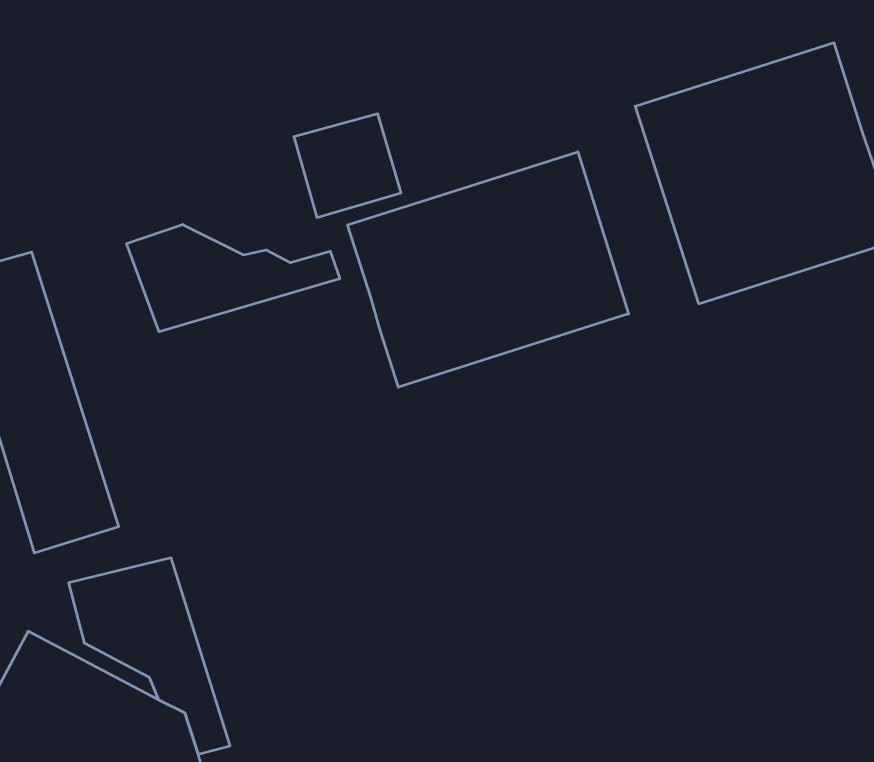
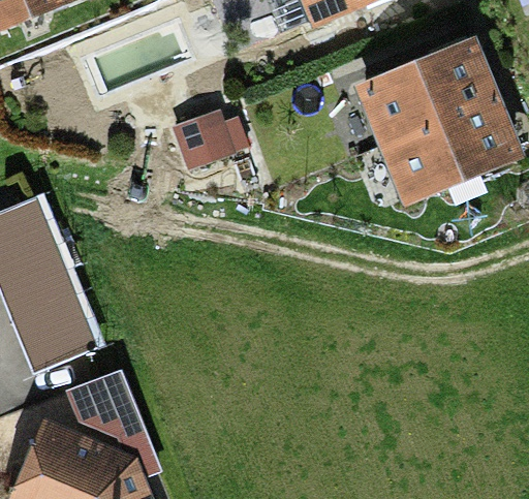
building: [348,152,629,387] -> none
building: [127,224,340,332] -> none

